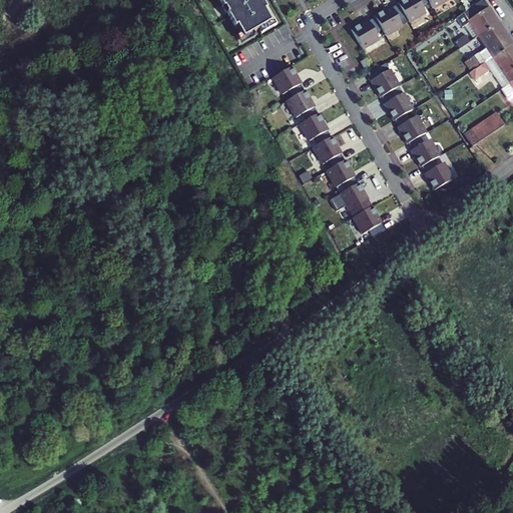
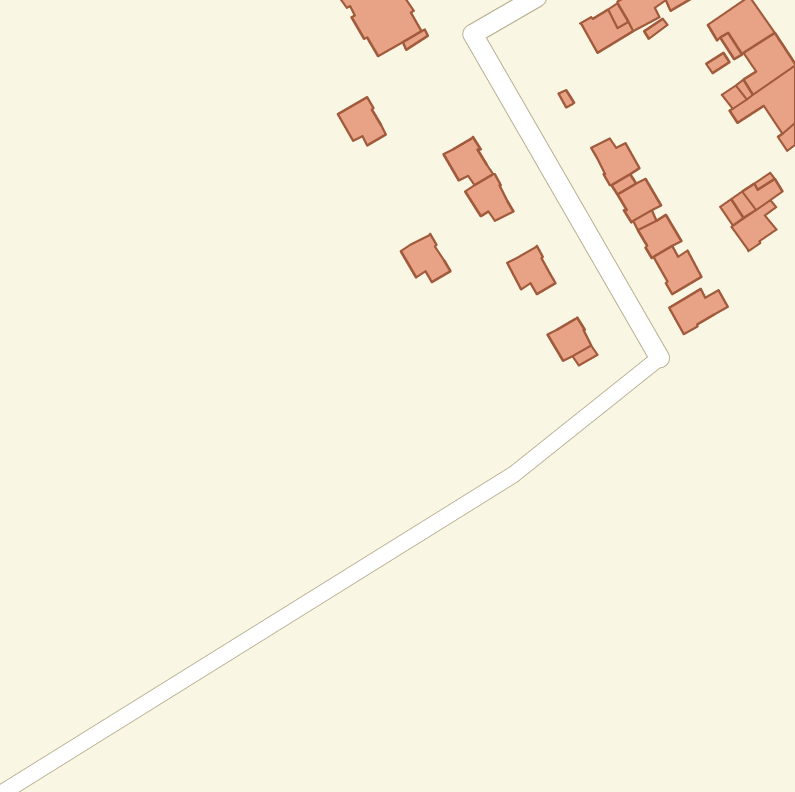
building: [351,16,385,47] -> none
building: [273,65,304,96] -> [338,97,386,145]
building: [368,65,399,96] -> none
building: none -> [731,200,776,251]
building: [313,135,345,166] -> [401,234,451,282]
building: [340,181,371,212] -> none
building: none -> [669,289,728,334]

